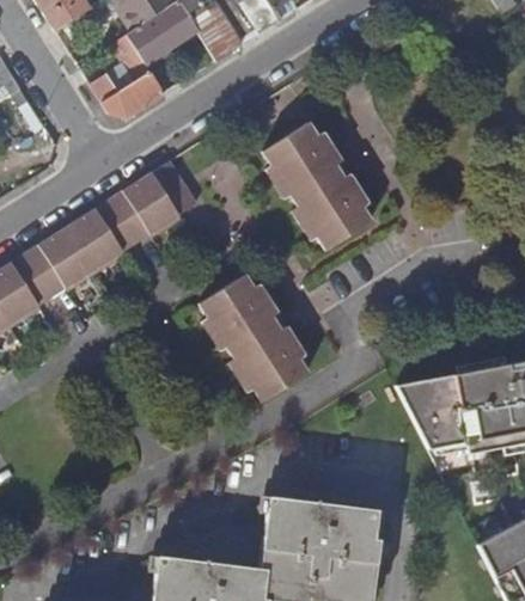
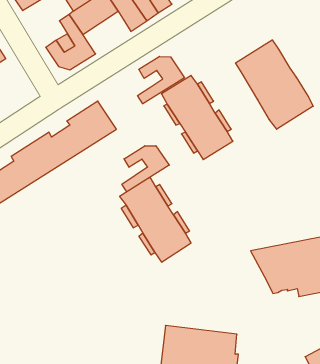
building: none -> [236,40,313,129]
building: none -> [138,56,185,104]
building: none -> [122,146,169,192]

